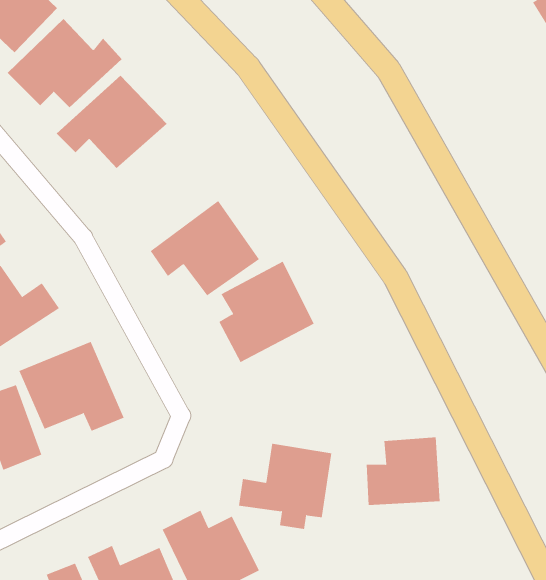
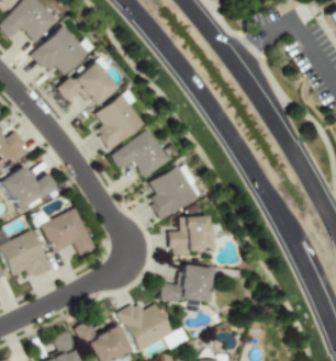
building: none -> [96,91,149,150]
building: [366,437,440,505] -> [169,215,211,253]

